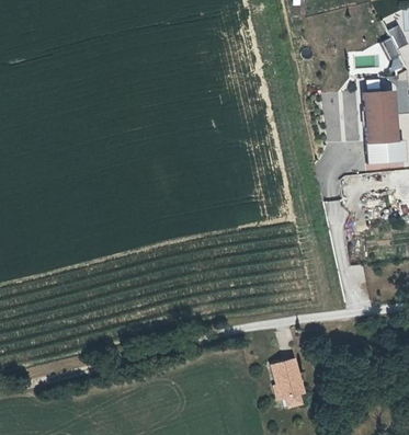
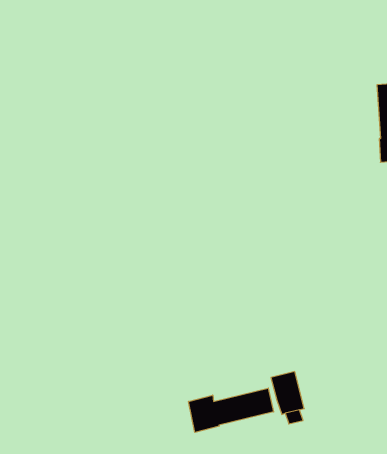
building: none -> [189,388,274,432]

